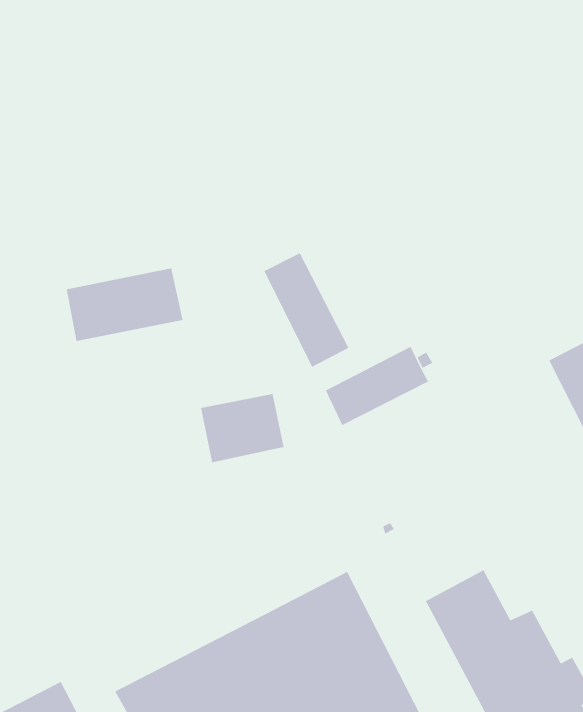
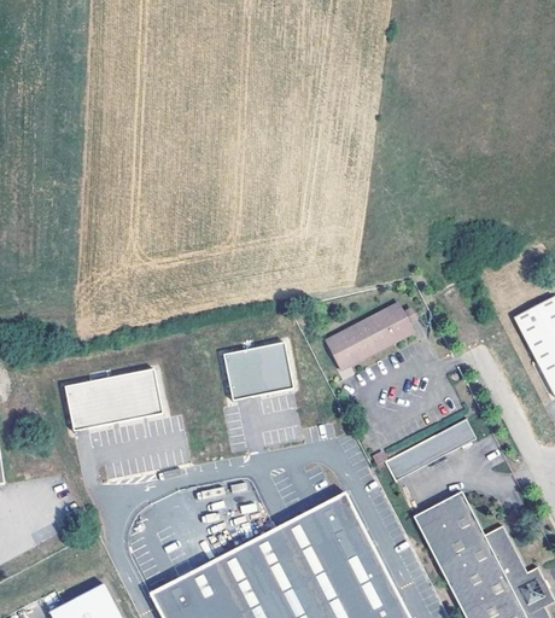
building: [263,252,350,368] -> none
building: [66,267,183,342] -> [63,371,162,433]
building: none -> [386,419,477,479]

